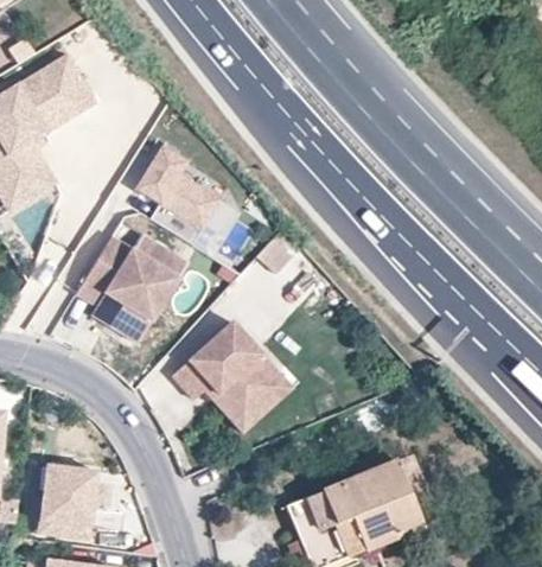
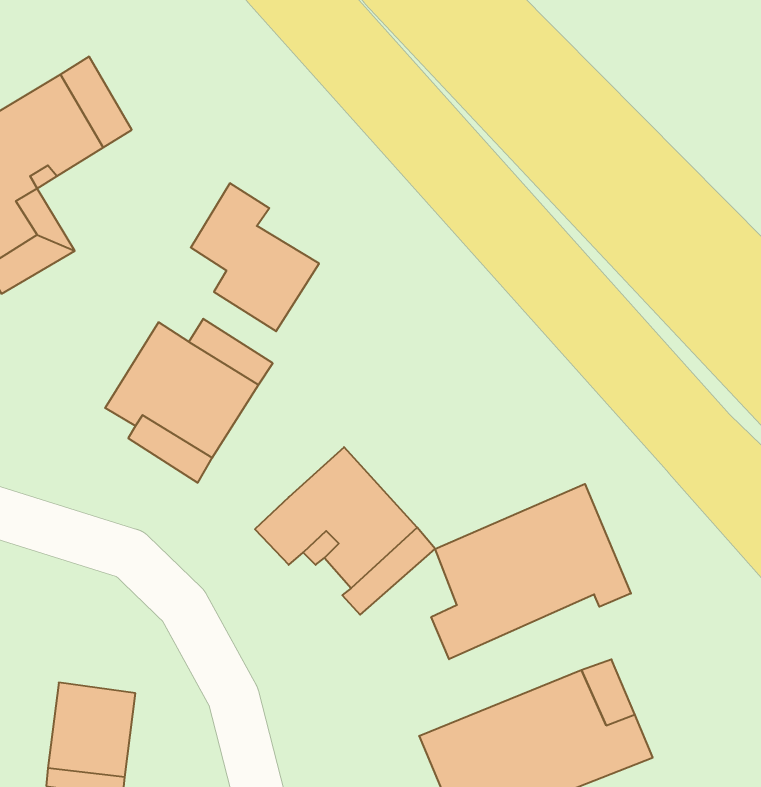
building: none -> [431,484,631,659]

